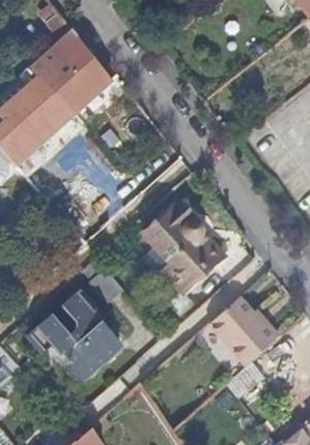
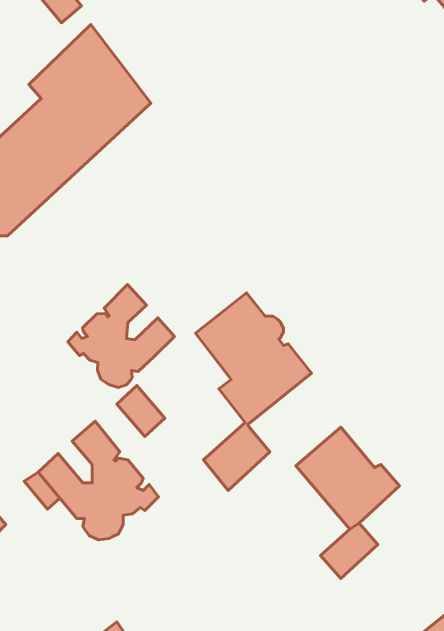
building: none -> [68,285,174,387]

